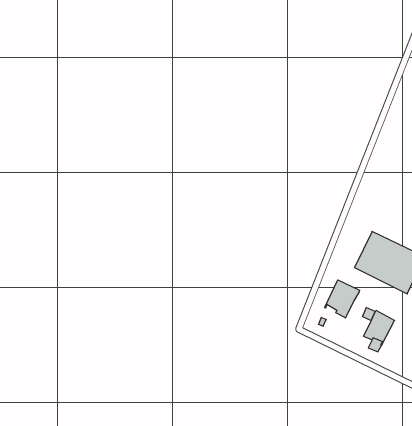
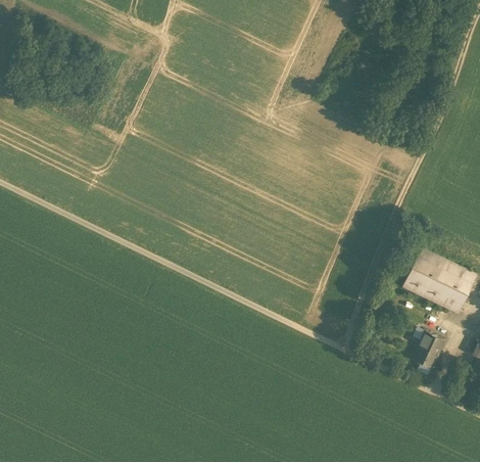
building: [325,280,359,318] -> none

